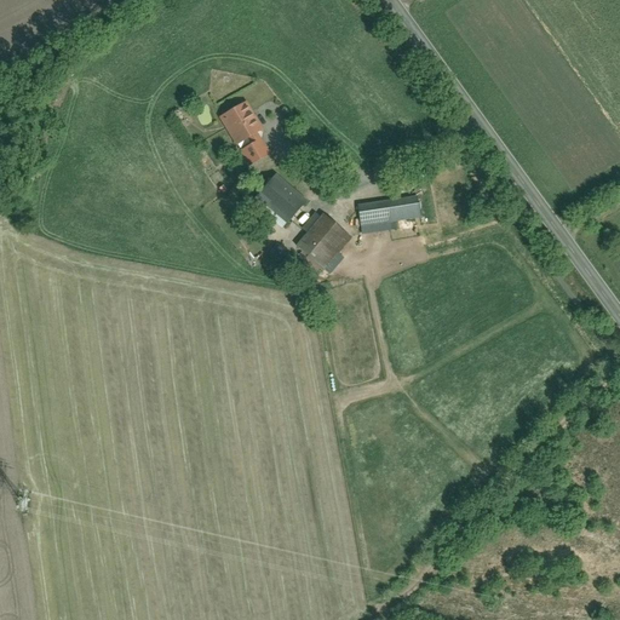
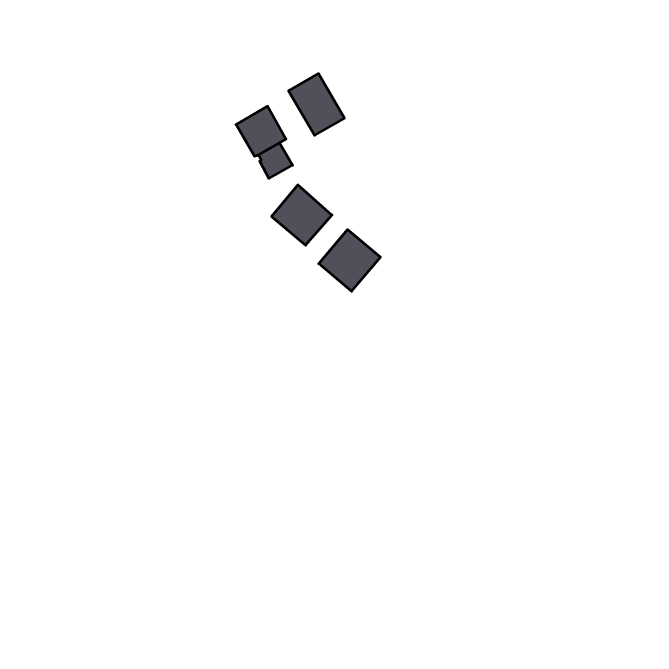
building: none -> [289,74,344,135]
building: [357,195,423,234] -> none

